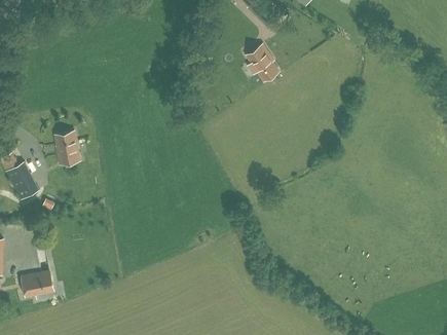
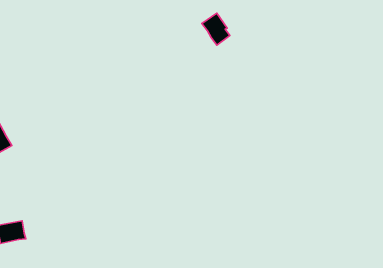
building: [54,132,79,163] -> none

